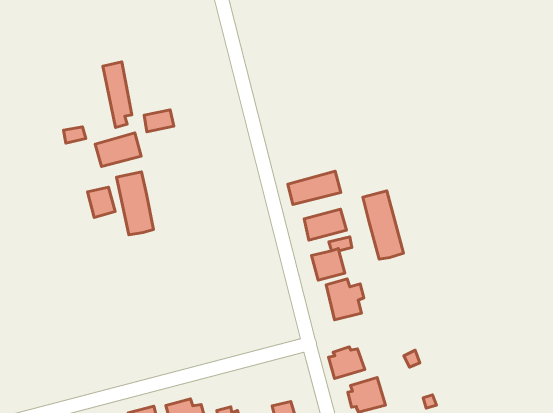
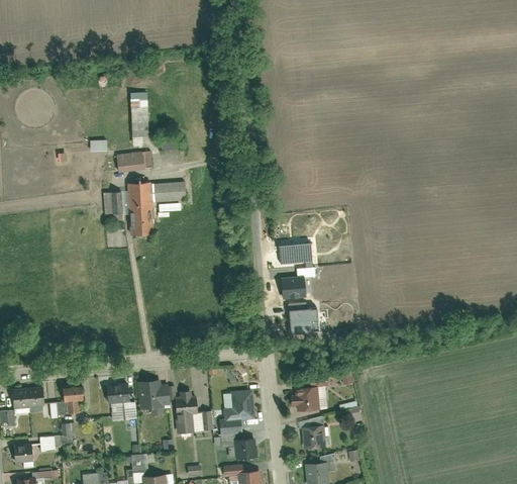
building: none -> [150,183,186,203]
building: [288,171,341,204] -> none
building: [363,191,403,259] -> none
building: [328,347,365,378] -> none

